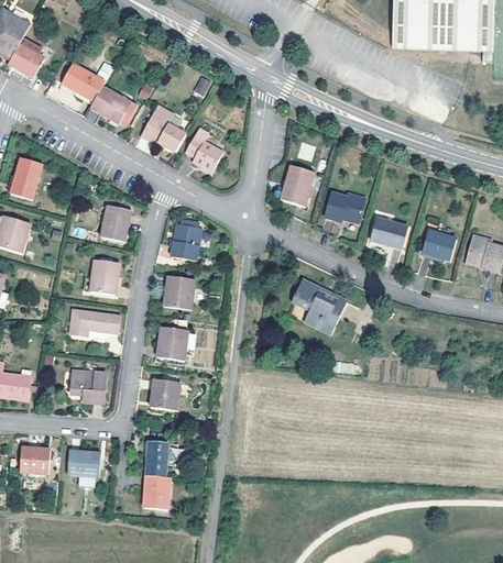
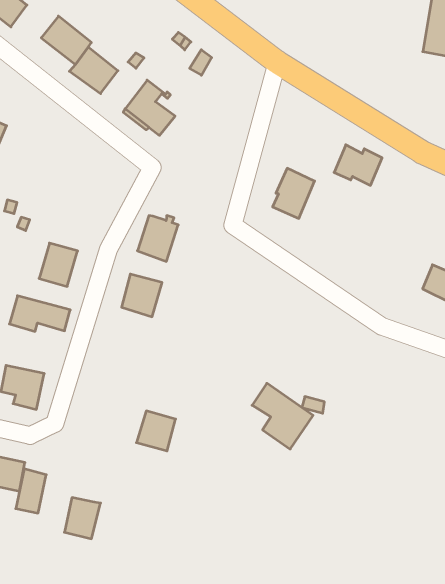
building: [185,130,223,173] -> none
building: [325,191,364,223] -> [334,145,382,185]
building: [100,206,131,242] -> none
building: [370,217,407,249] -> none
building: [292,279,346,333] -> [252,383,313,449]
building: [157,325,188,361] -> none
building: [150,378,181,410] -> [136,411,176,451]
building: [145,441,167,477] -> [16,469,46,513]

